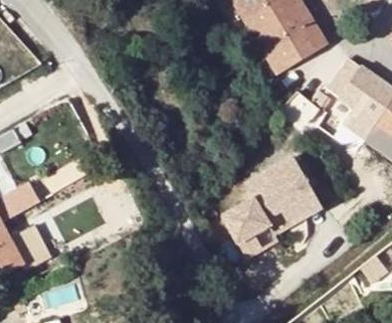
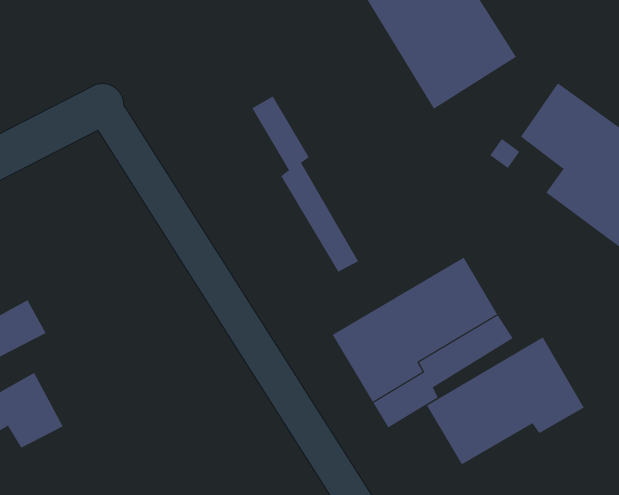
building: none -> [252,95,359,273]
building: none -> [426,336,584,465]

